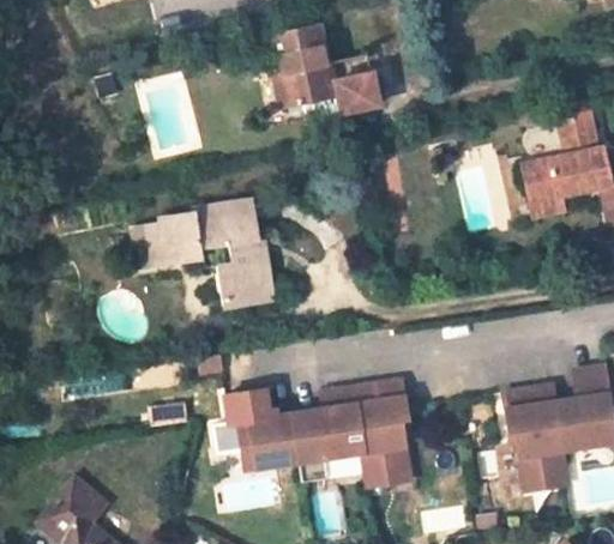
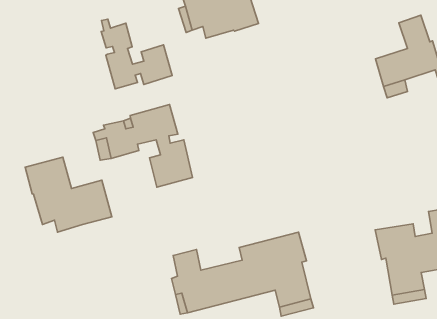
building: none -> [101,19,172,89]
building: none -> [25,157,112,232]

